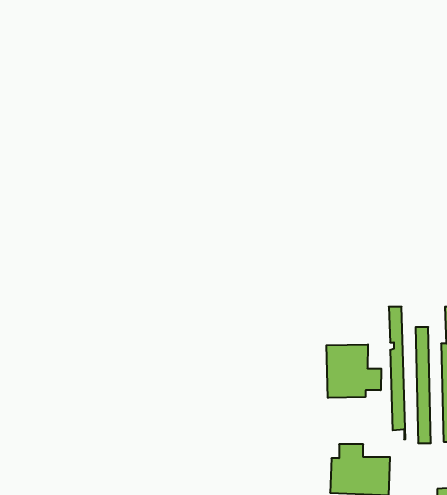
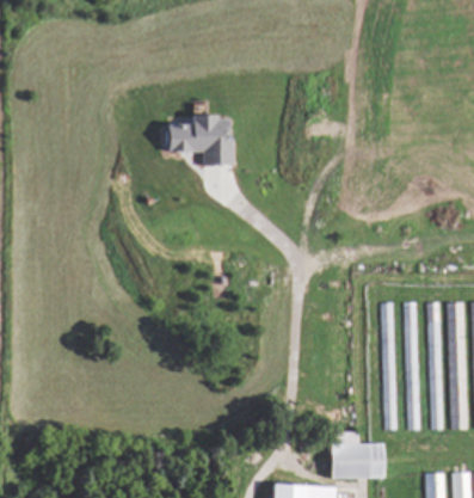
building: none -> [162,116,230,166]
building: [326,344,381,398] -> none

